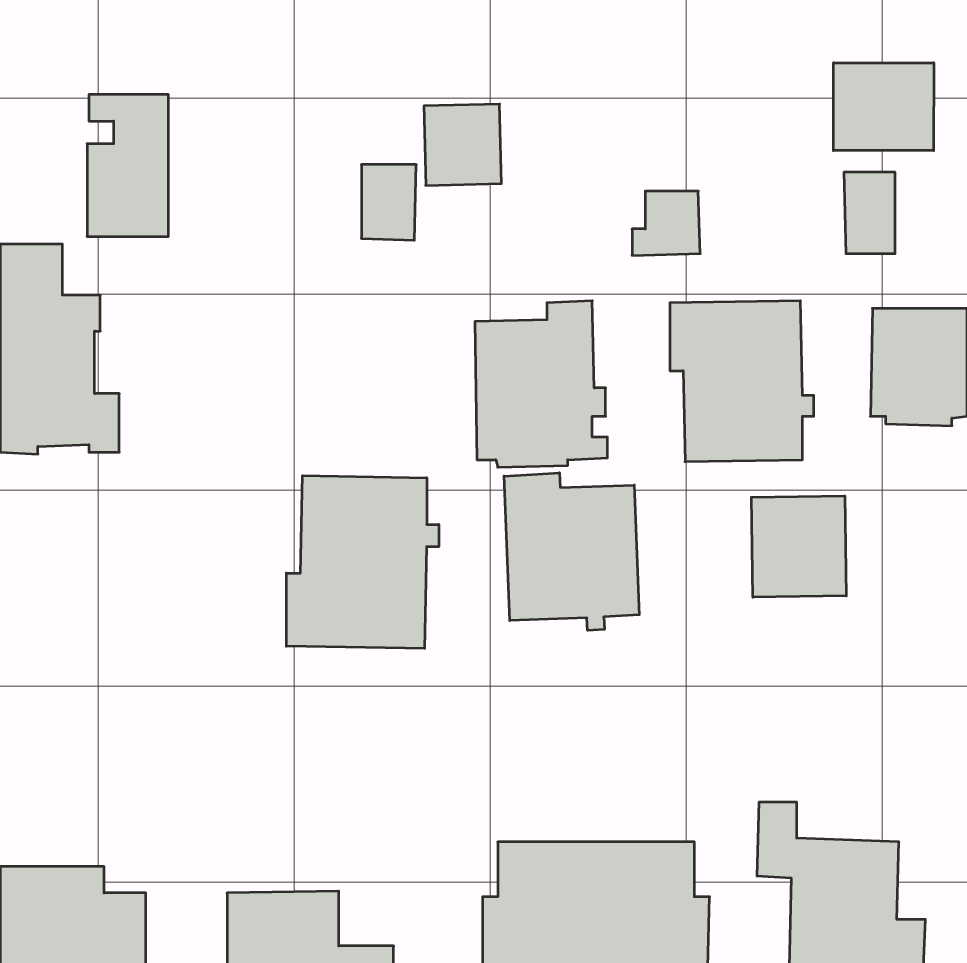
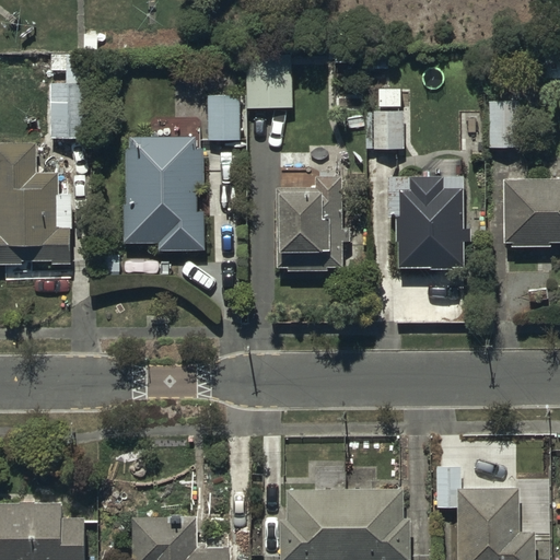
building: [833,63,934,151] -> none
building: none -> [122,137,206,252]
building: [504,473,639,630] -> none
building: [286,476,439,648] -> none
building: [751,496,846,597] -> none

